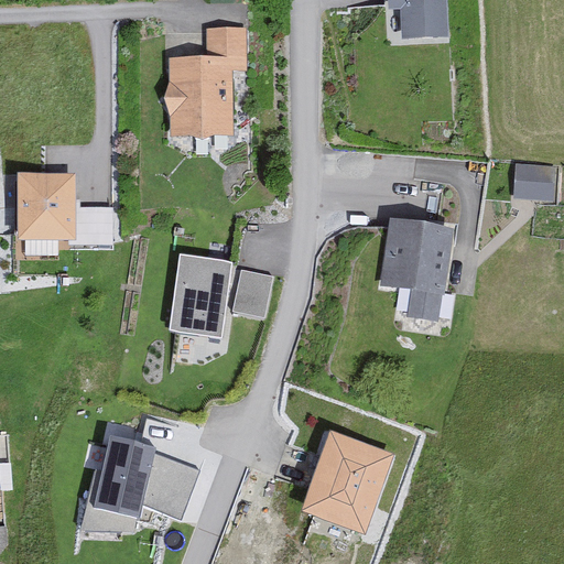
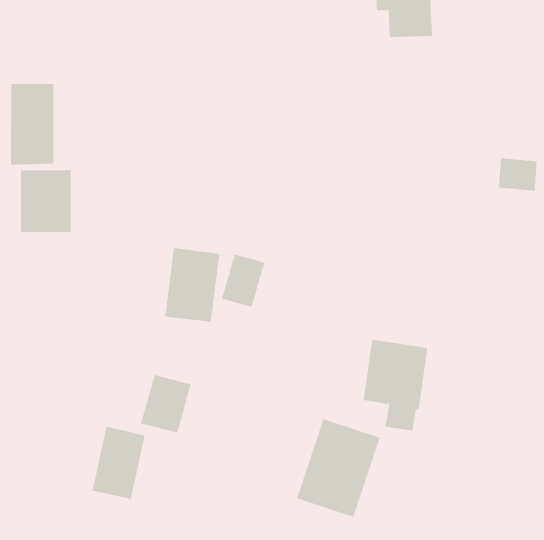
building: [169,25,245,137] -> none
building: none -> [11,83,54,166]
building: [382,220,449,315] -> [363,339,428,431]
building: [144,453,197,513] -> [140,375,192,433]

